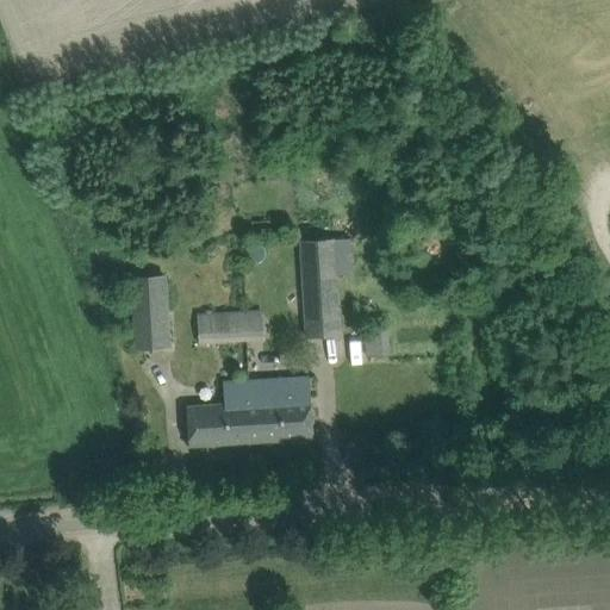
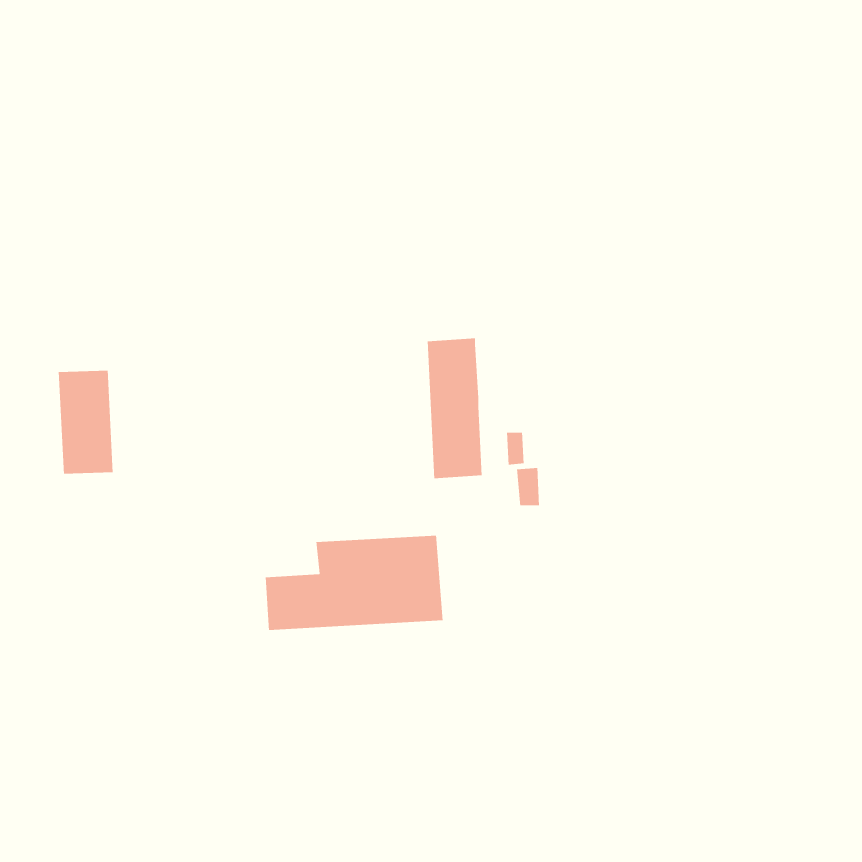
building: [131,275,170,349] -> [58,370,114,474]
building: [216,311,247,342] -> none

